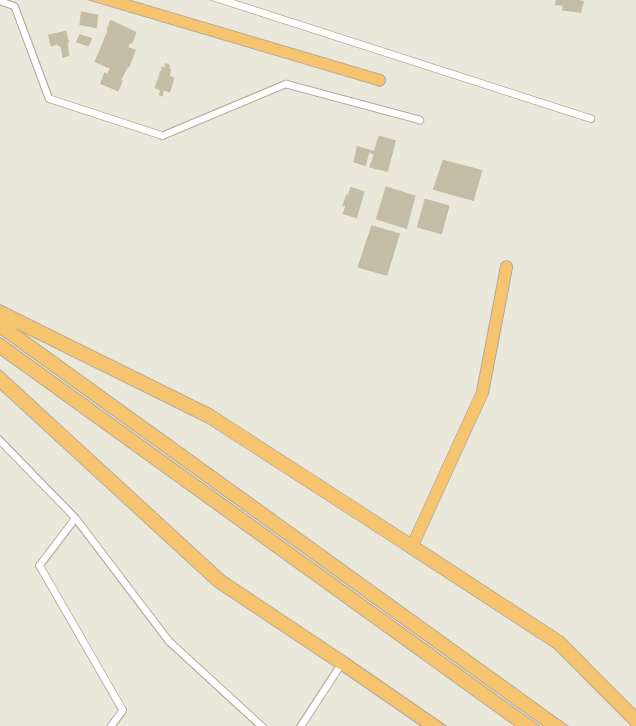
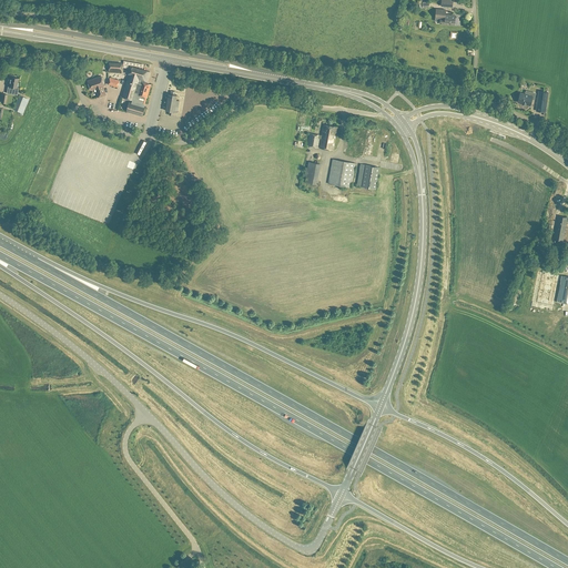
building: [432,159,483,202] -> none
building: [357,225,401,277] -> none

